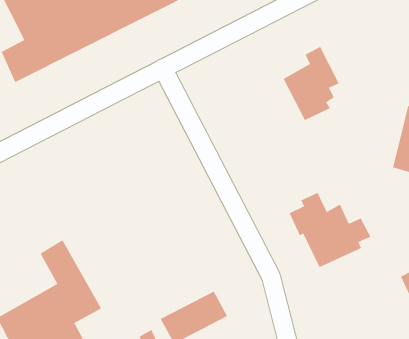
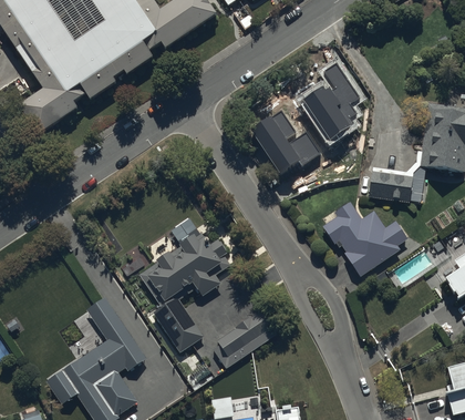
building: none -> [248,106,319,171]
building: none -> [366,168,412,198]
building: none -> [135,218,236,340]

